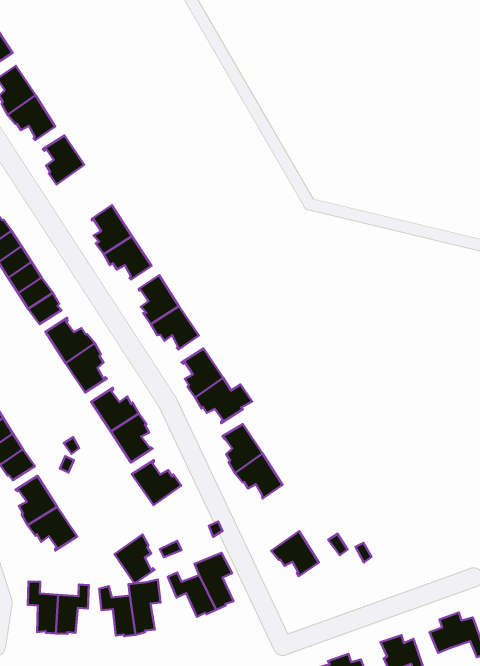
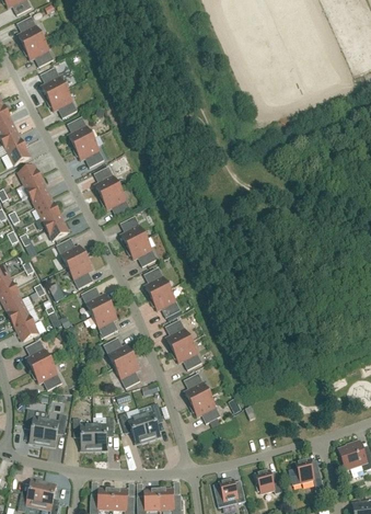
building: none -> [73,137,104,167]
building: none -> [184,373,209,404]
building: [115,534,154,584] -> [115,355,140,387]

